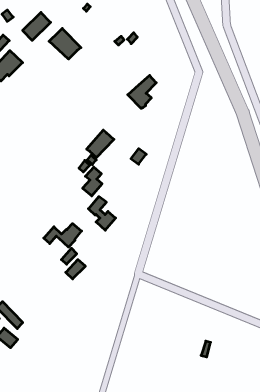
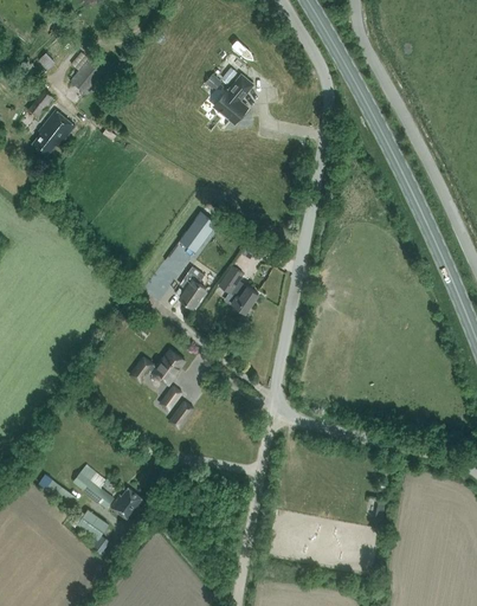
building: [49,28,81,59] -> none
building: [128,75,156,108] -> [212,75,251,123]
building: [88,197,116,230] -> [218,266,258,314]
building: none -> [110,488,142,521]

